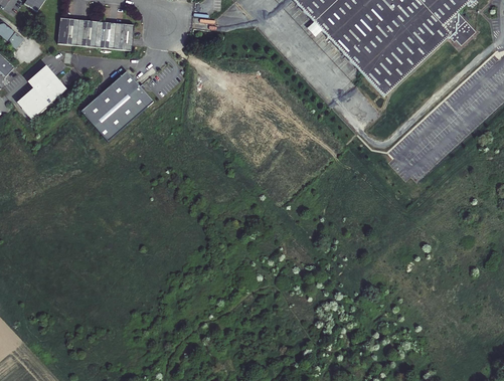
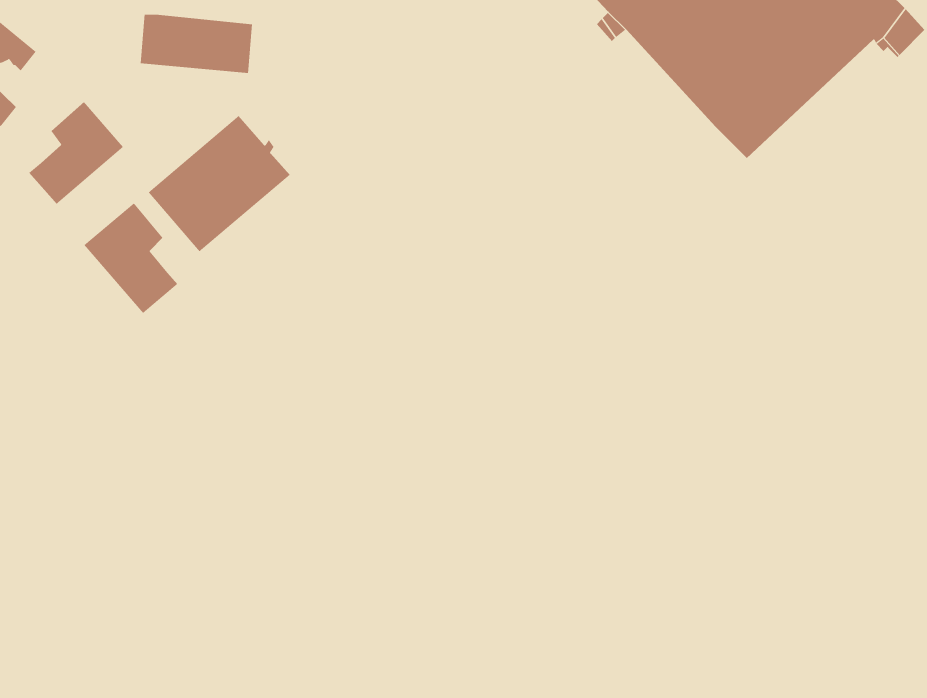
building: [56,17,77,44] -> none
building: none -> [84,202,178,314]

